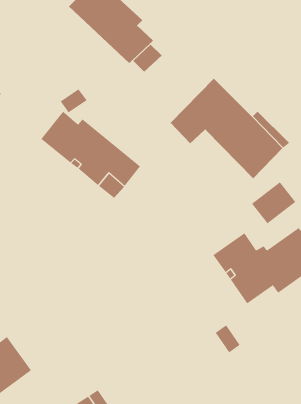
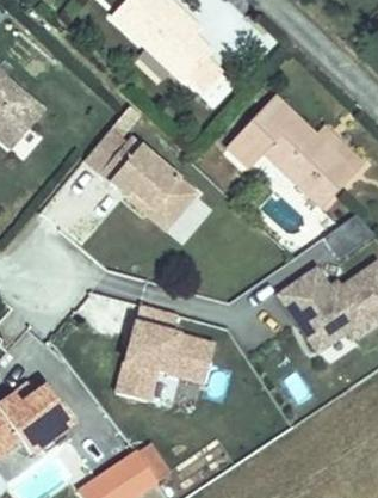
building: none -> [117,305,216,402]

